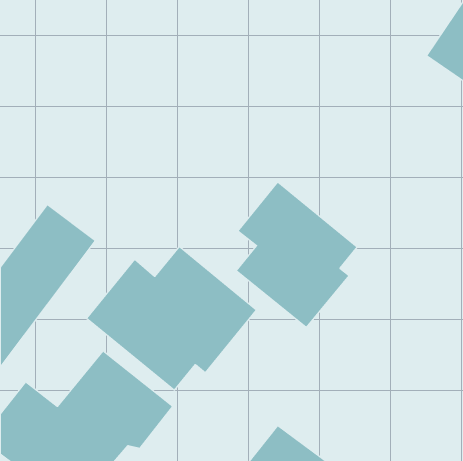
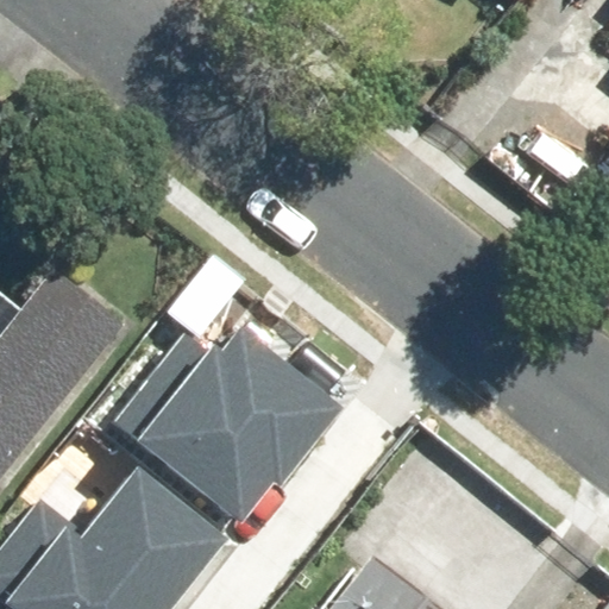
building: [236,182,357,327] -> none

